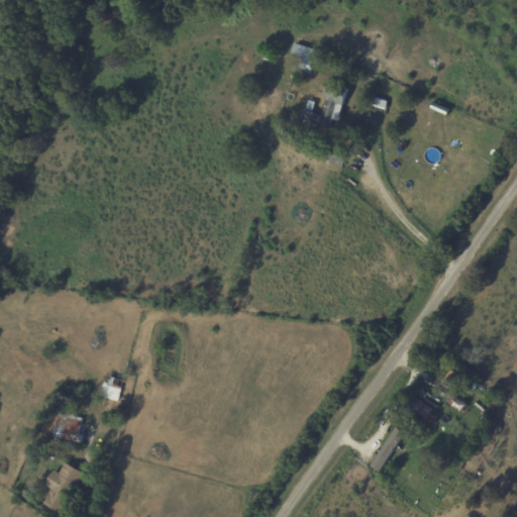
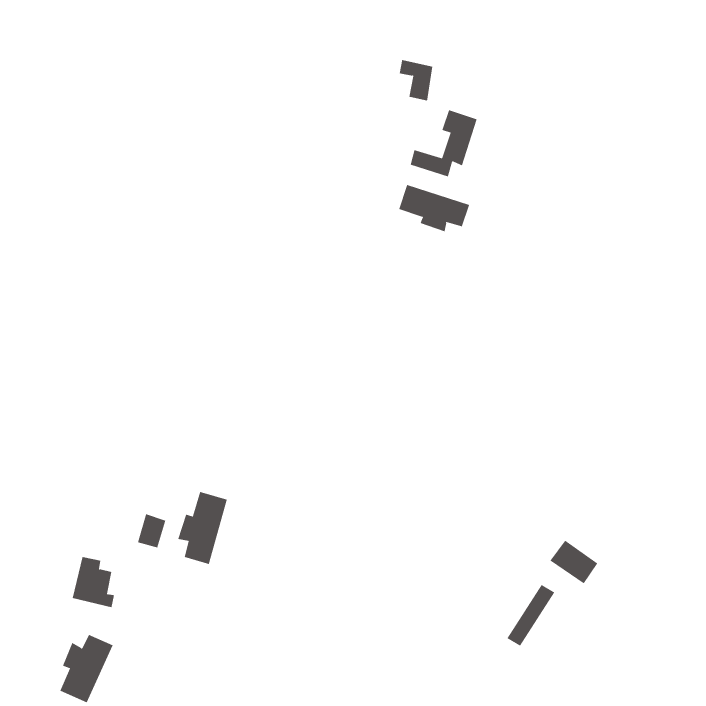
building: none -> [398,184,470,232]
building: none -> [178,491,228,565]

